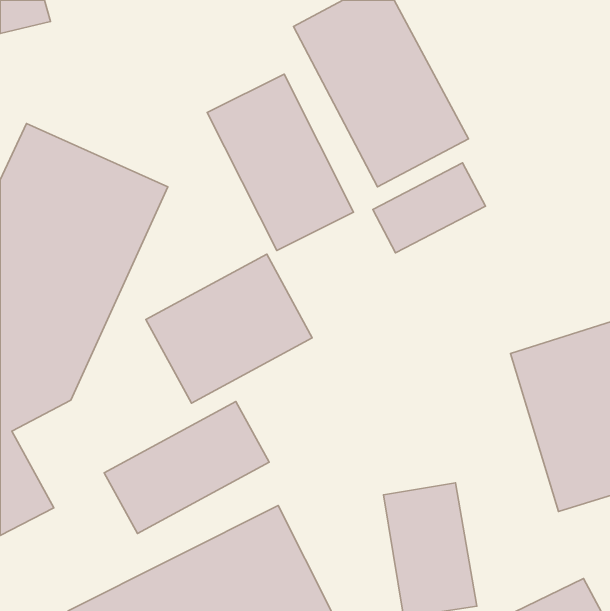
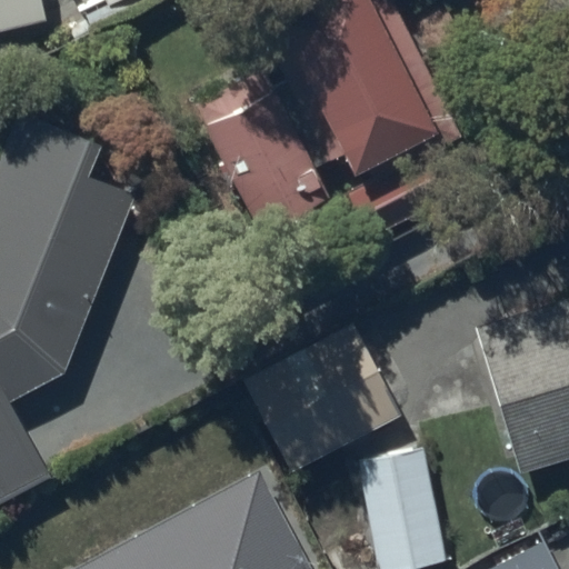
building: [146,254,312,403] -> none
building: none -> [238,321,398,477]
building: [104,402,269,533] -> none

